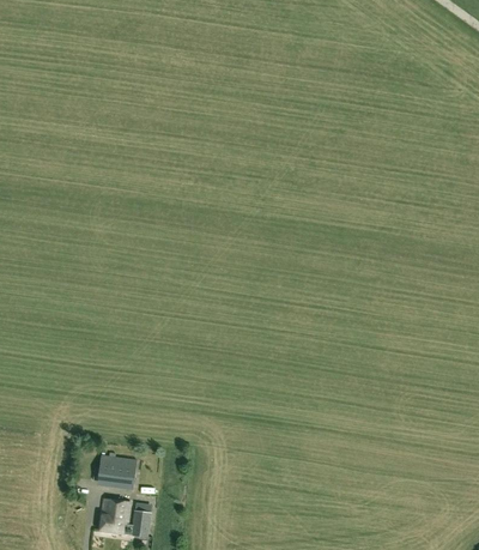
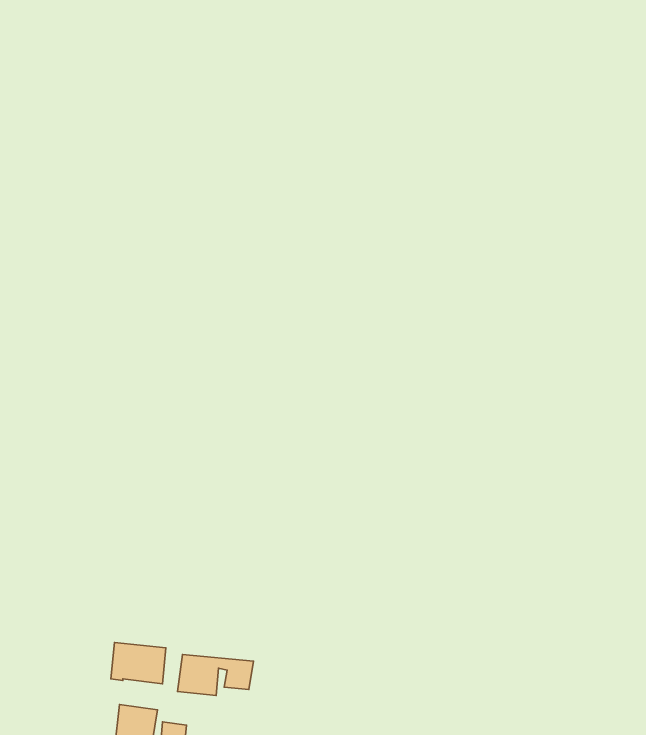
building: none -> [177,655,253,696]

